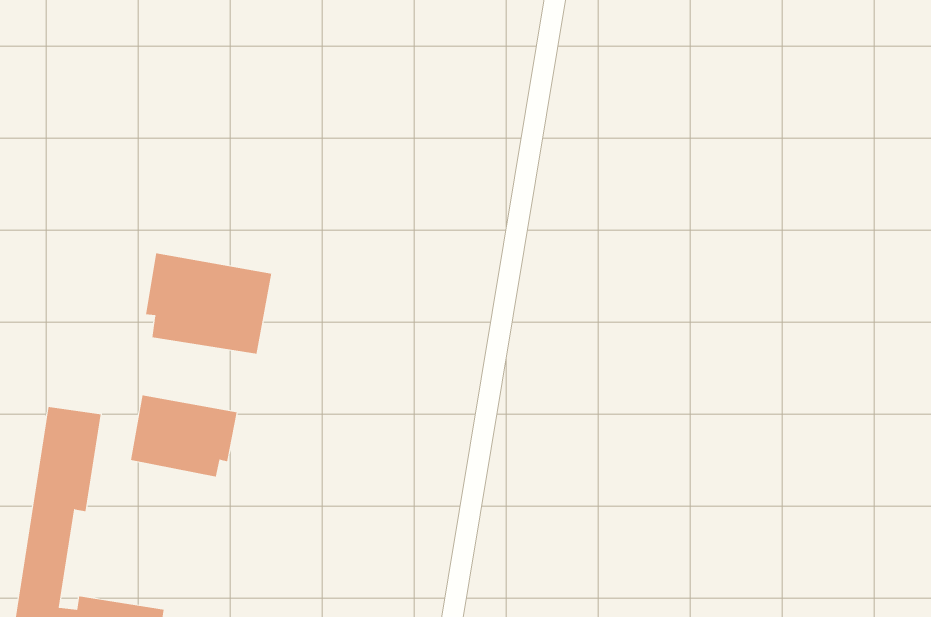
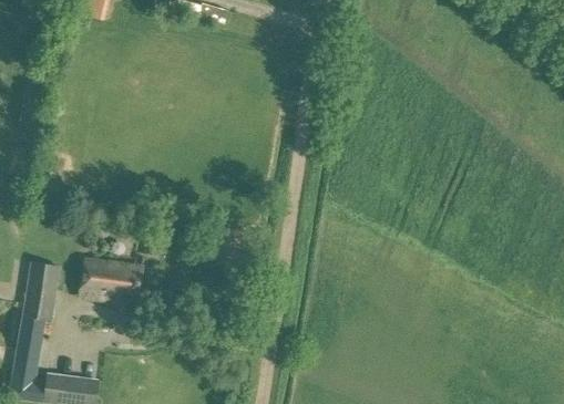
building: [145,252,272,355] -> none

